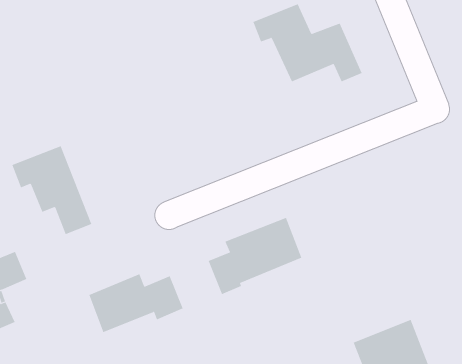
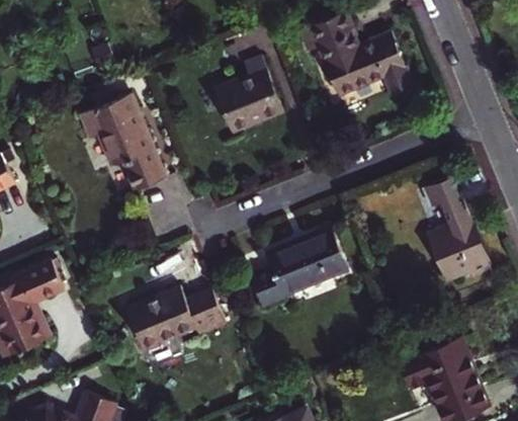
building: none -> [214,58,284,134]
building: [12,145,92,235] -> [82,92,166,185]
building: none -> [424,179,492,283]

